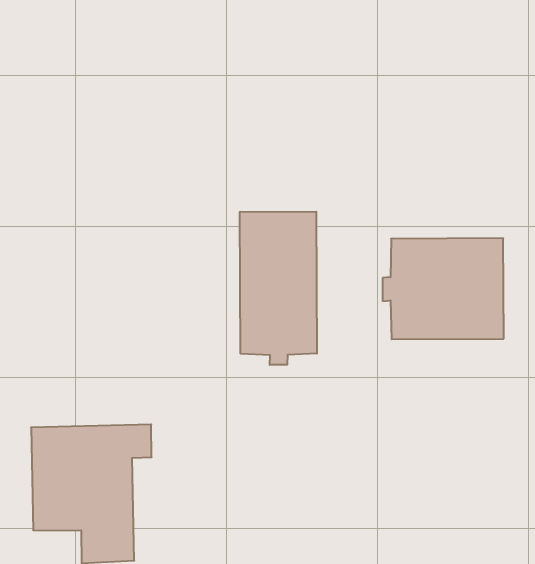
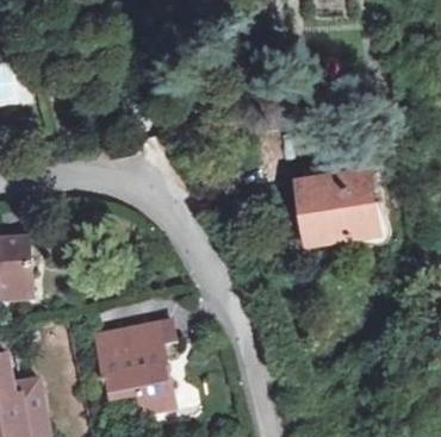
building: [240,212,317,365] -> none

